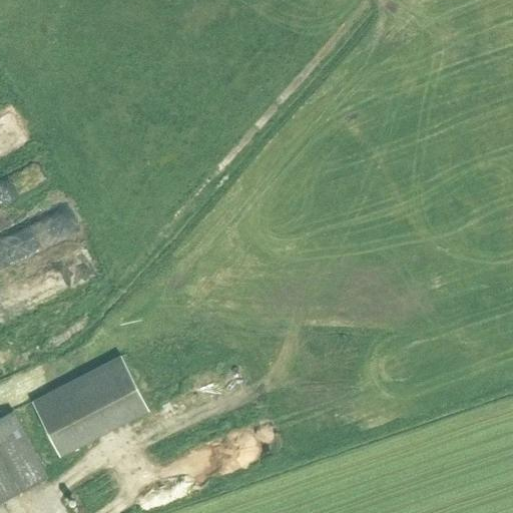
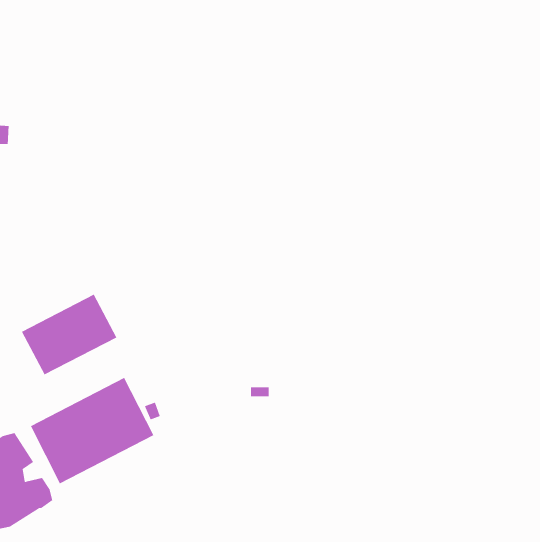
building: none -> [21,294,117,376]

